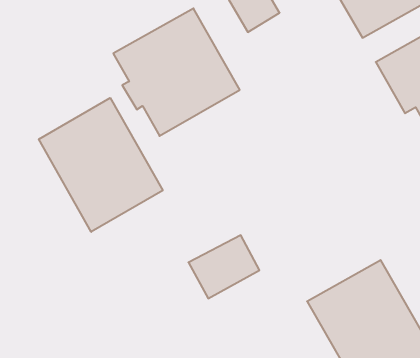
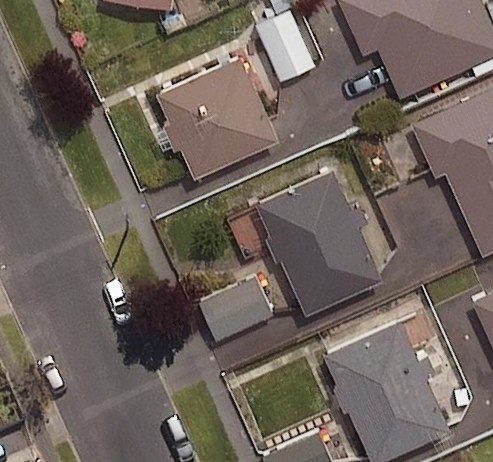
building: [39,98,163,232] -> none
building: none -> [253,169,382,315]

